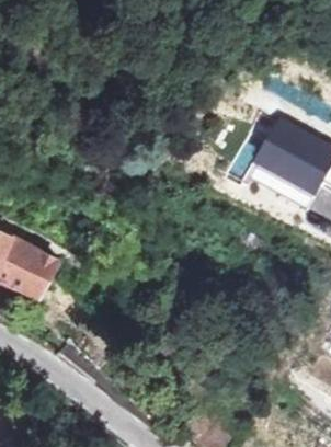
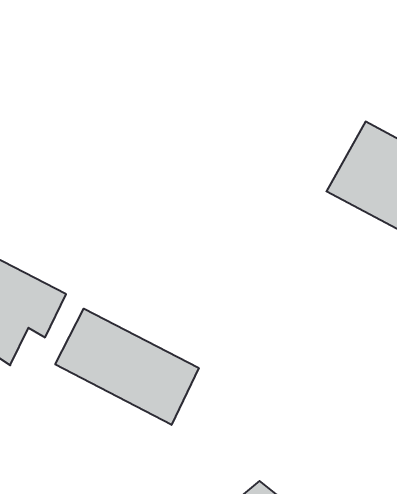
building: none -> [55,309,199,425]

